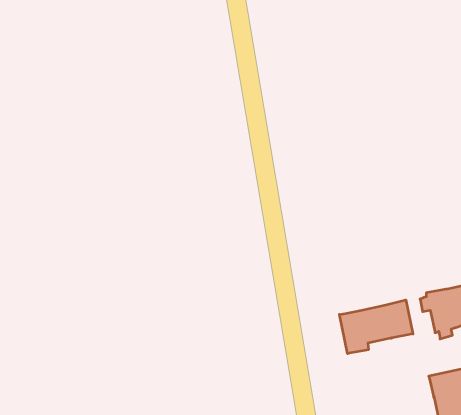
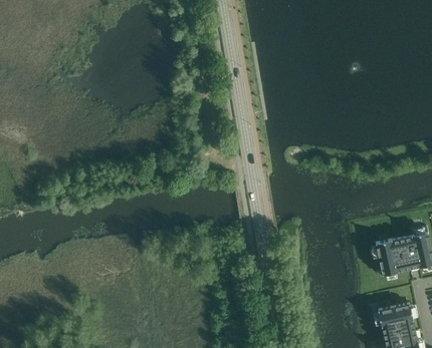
building: [339,300,413,354] -> none

